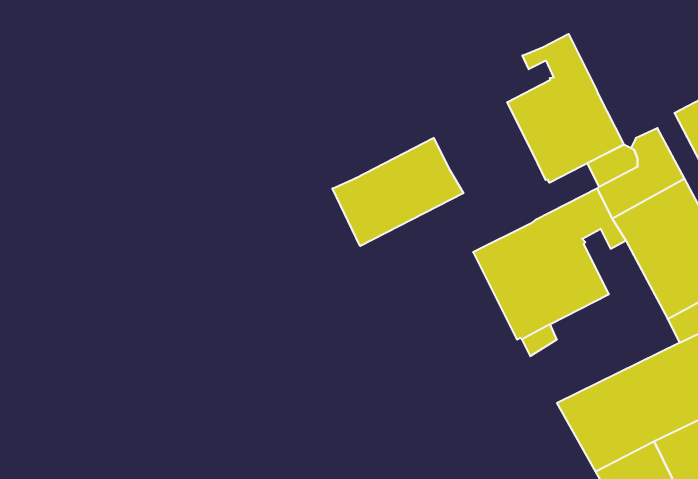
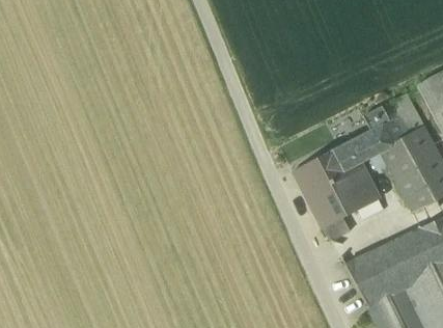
building: [507,34,624,183] -> none
building: [332,138,463,246] -> none

